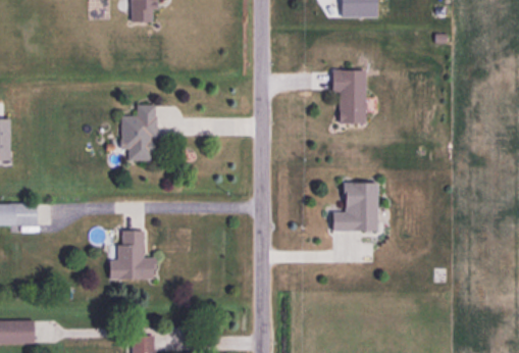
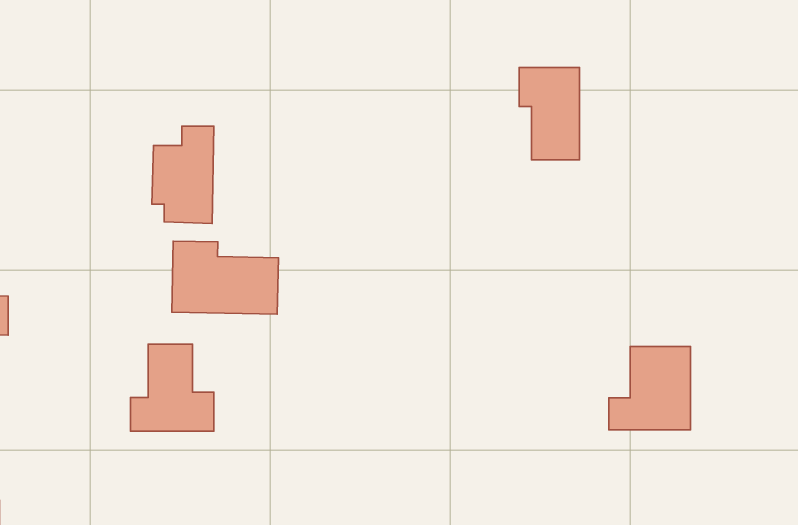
building: none -> [172,241,278,314]
building: [331,182,378,230] -> [609,347,691,430]

